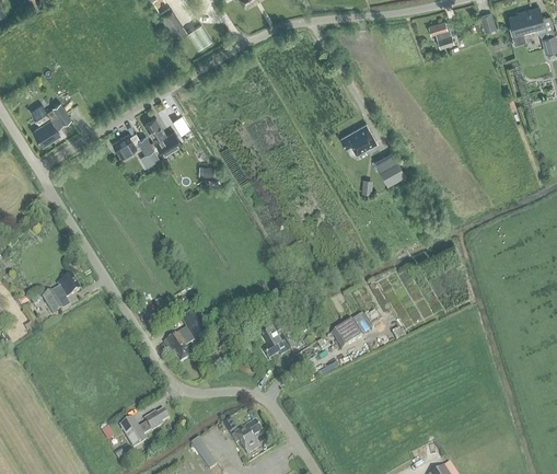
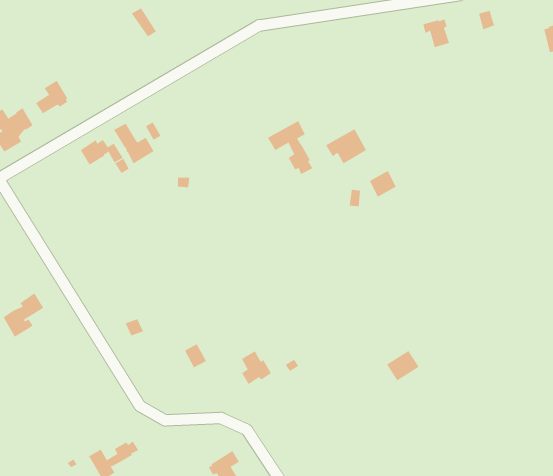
building: [510,8,545,44] -> none
building: none -> [35,80,69,114]
building: none -> [267,120,313,175]
building: [164,311,206,361] -> none
building: [332,319,362,347] -> [386,350,419,381]

